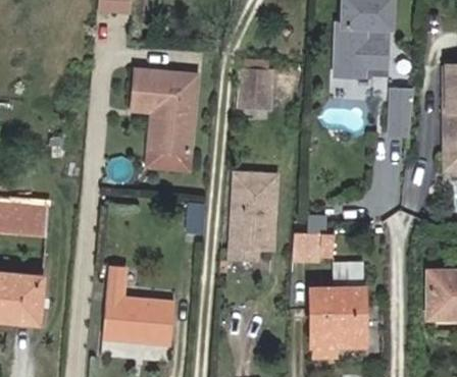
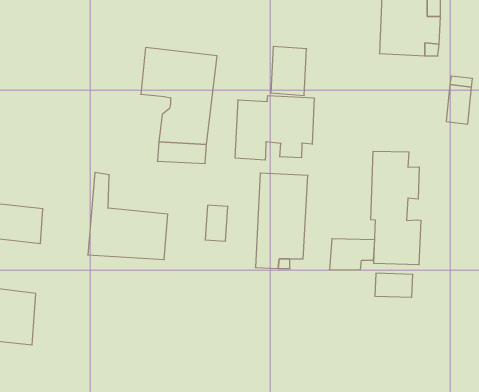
building: none -> [235,96,314,160]
building: none -> [371,151,421,265]
building: [104,268,172,342] -> [88,172,168,260]
building: [311,288,362,343] -> none

